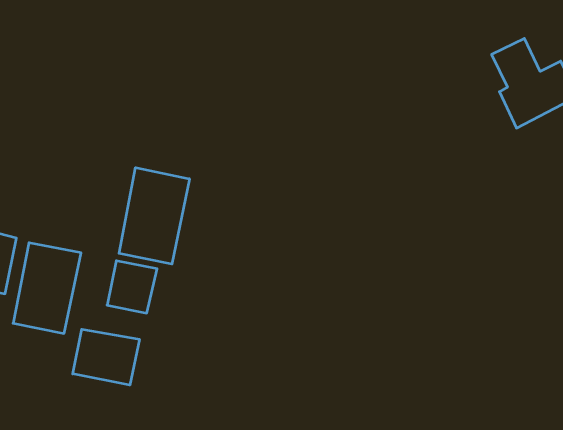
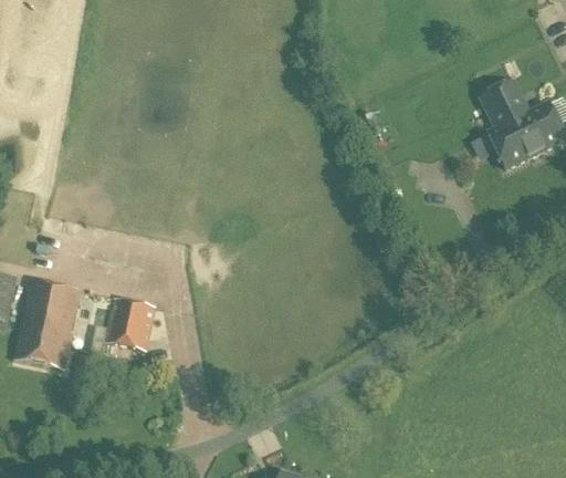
building: [119,168,189,264] -> none
building: [73,329,139,385] -> none

